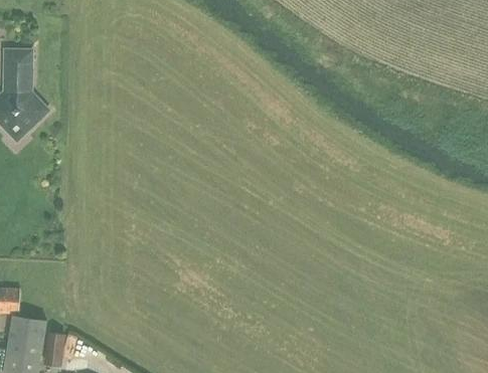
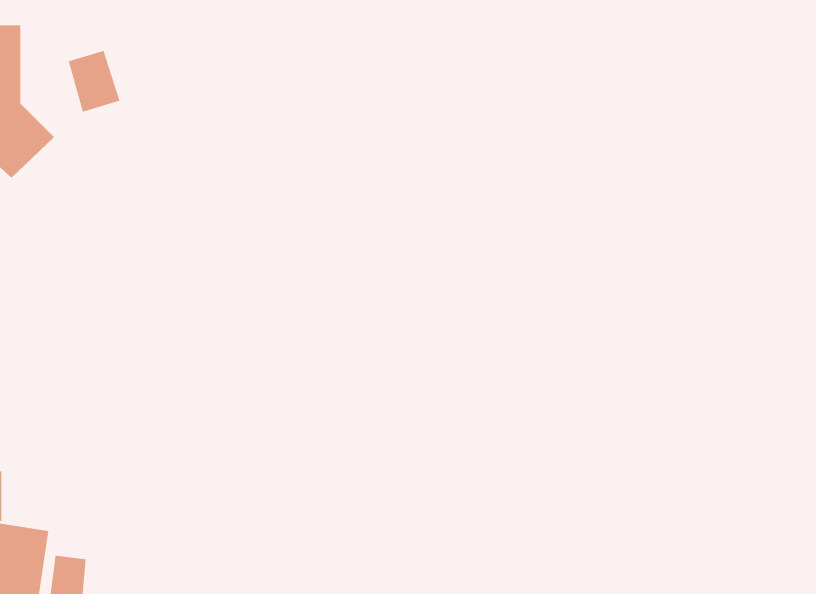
building: none -> [68,50,120,112]

